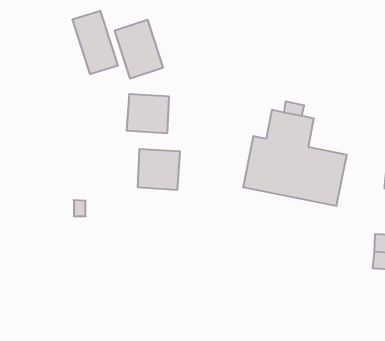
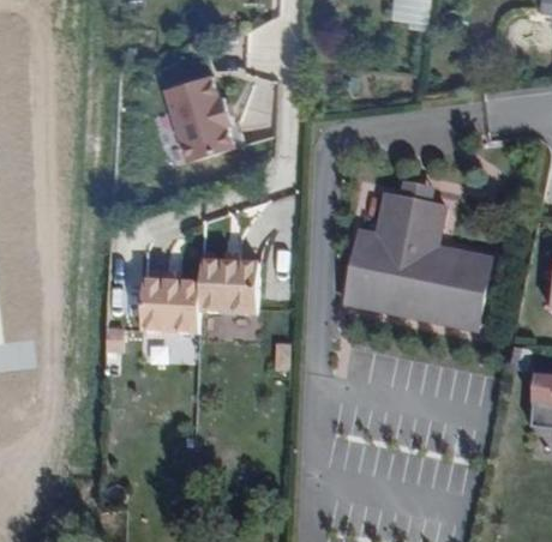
building: [73,11,118,74] -> none
building: [127,94,169,133] -> [138,275,198,330]

